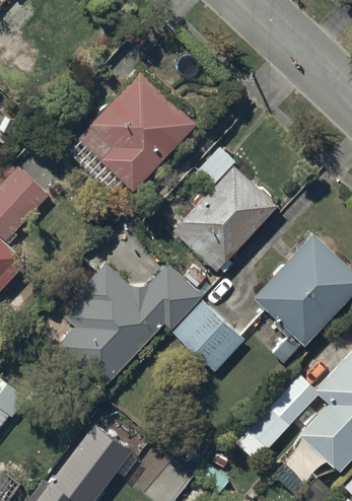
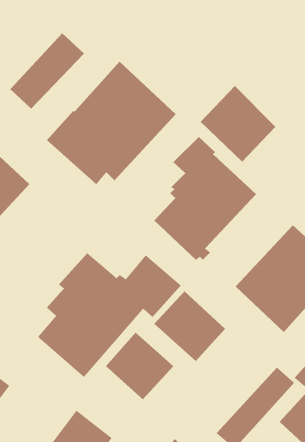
building: none -> [9,32,85,110]
building: none -> [200,85,276,162]
building: none -> [105,332,174,400]

